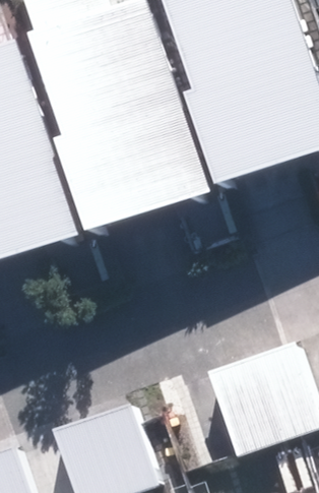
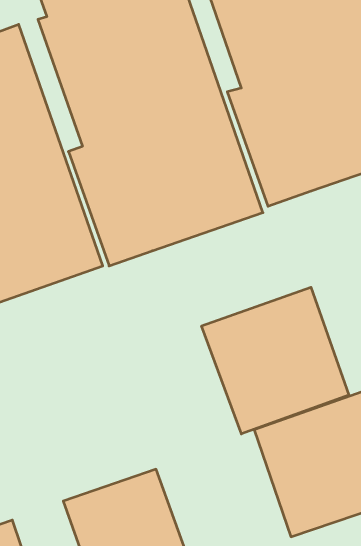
building: none -> [202,287,349,434]

